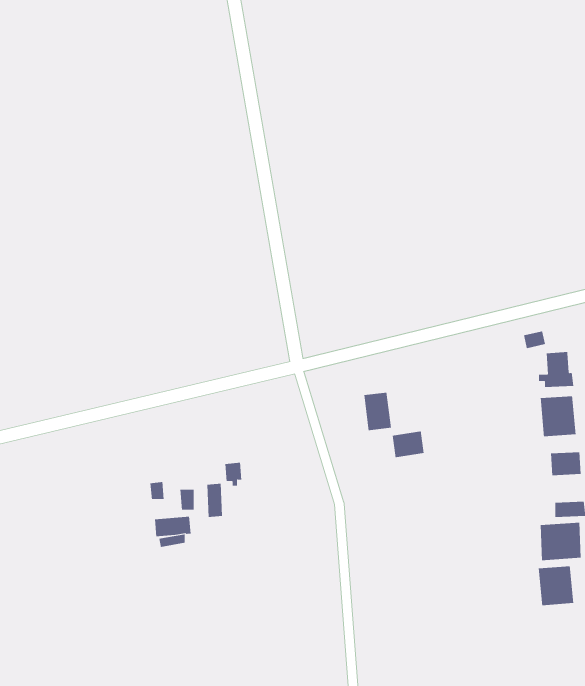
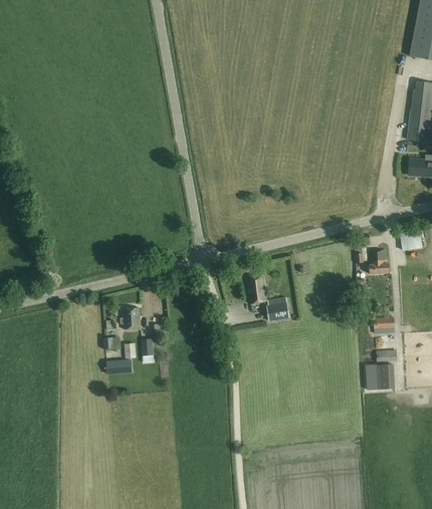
building: [540,395,576,437] -> none
building: none -> [120,307,141,329]
building: [538,566,574,606] -> none

